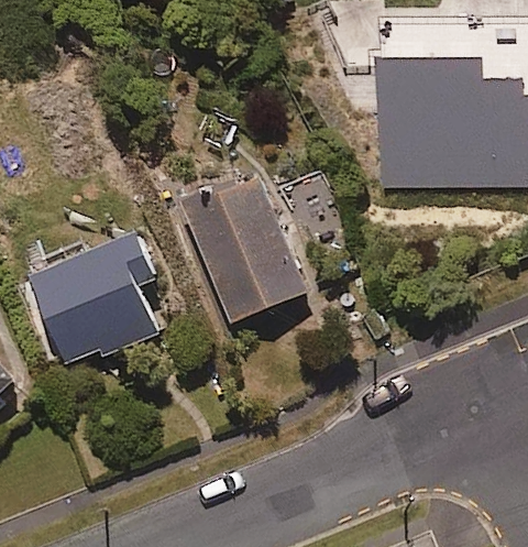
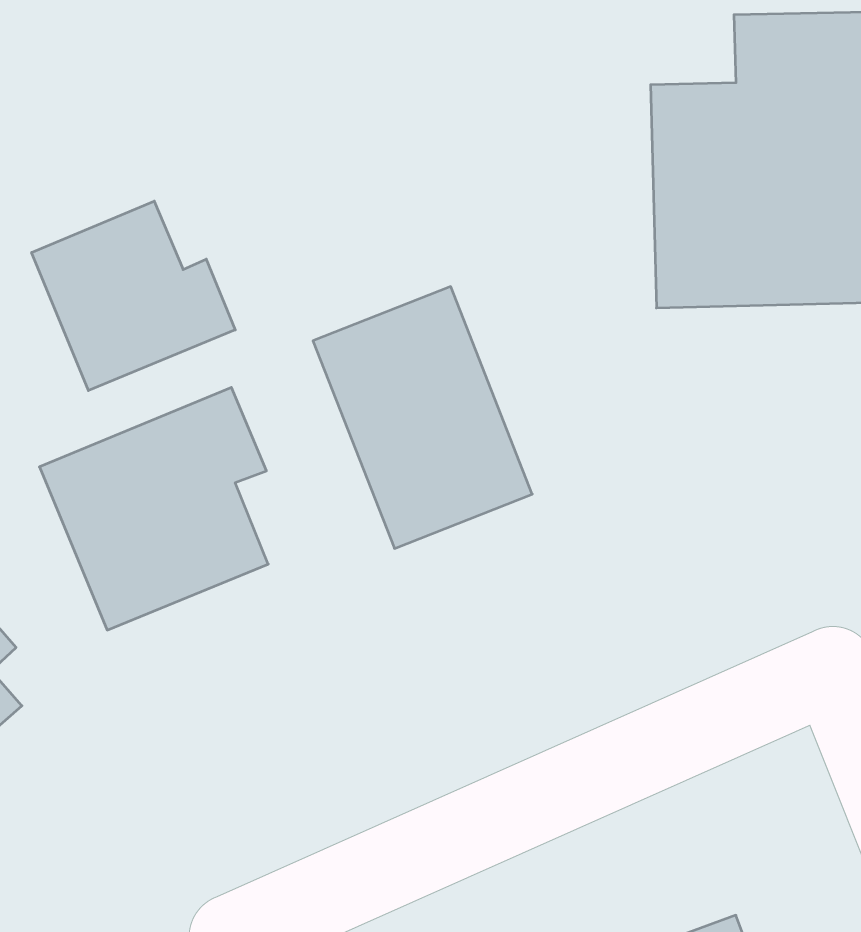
building: none -> [32,201,235,391]

